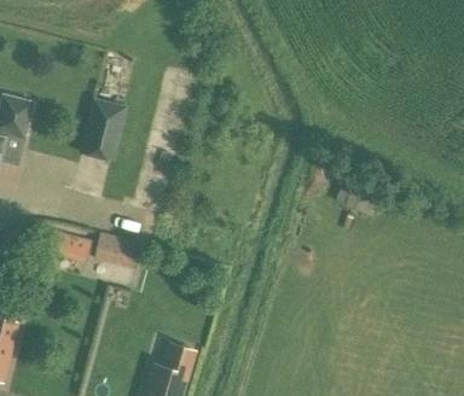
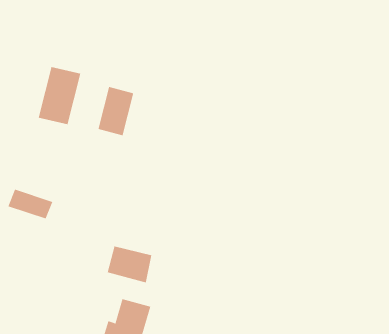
building: none -> [98,86,134,136]
building: [94,231,141,269] -> [107,246,152,283]

